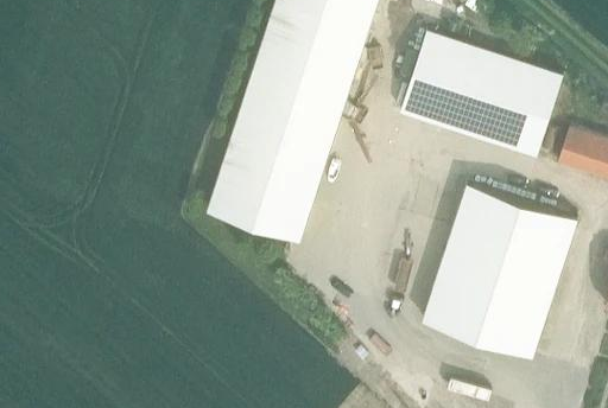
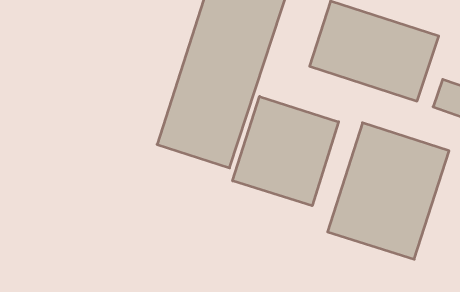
building: none -> [233,96,339,206]

